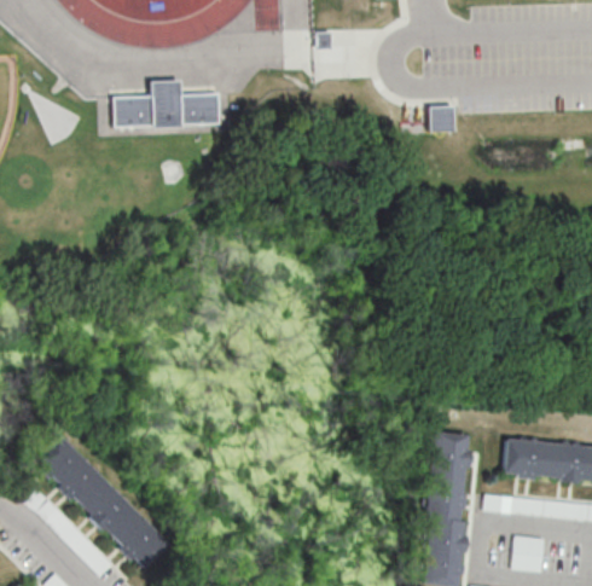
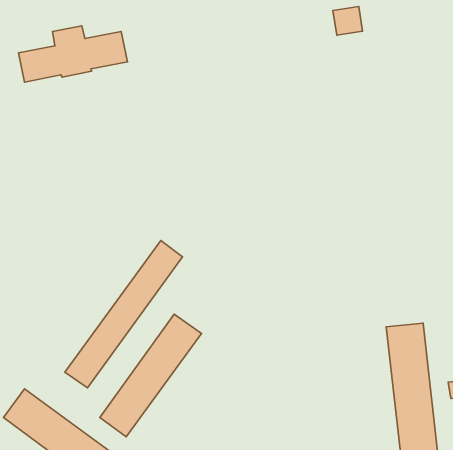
building: none -> [65,241,183,388]
building: none -> [100,314,201,437]

